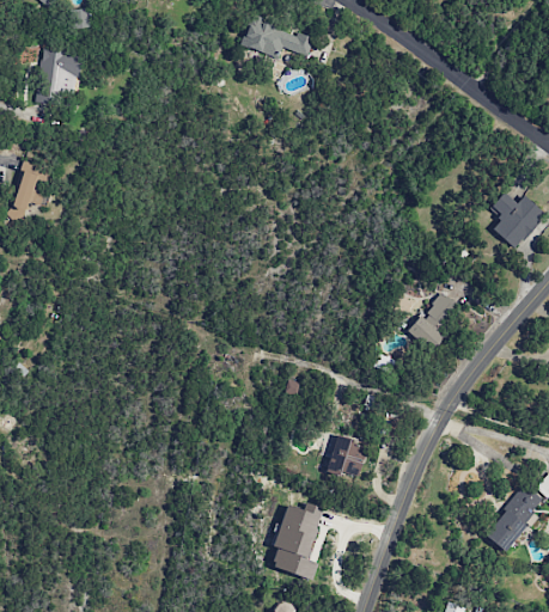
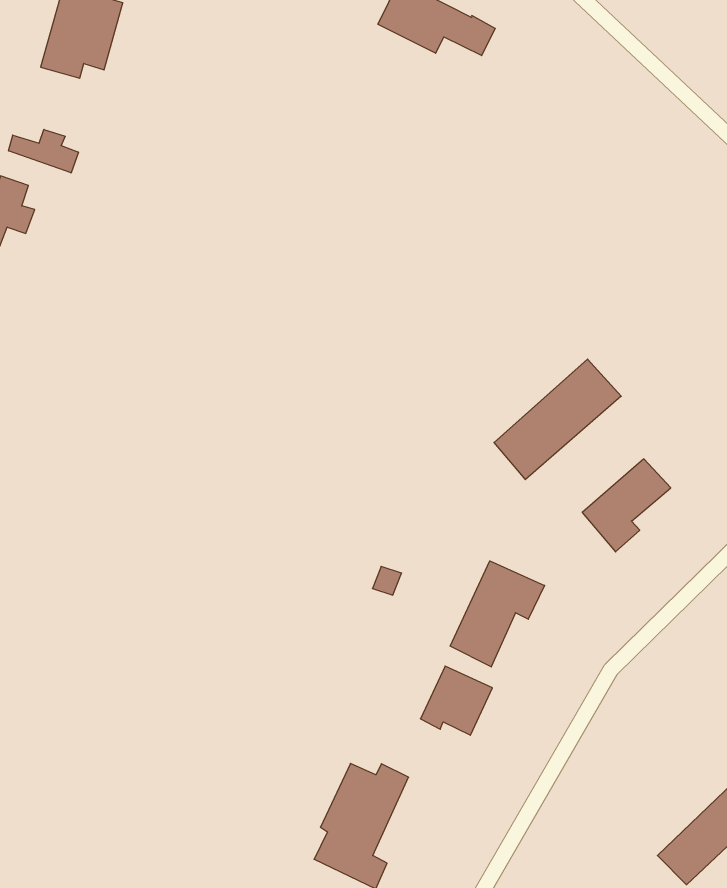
building: none -> [9,129,78,173]
building: none -> [494,359,621,480]
building: none -> [450,561,545,667]

